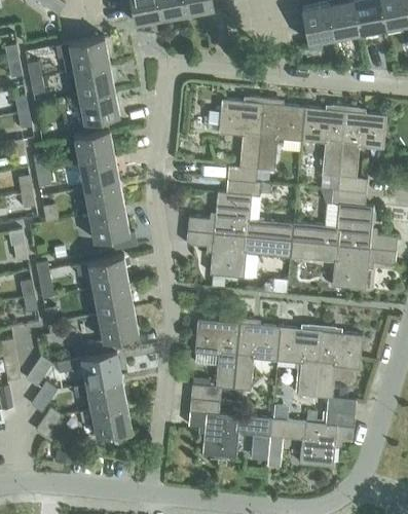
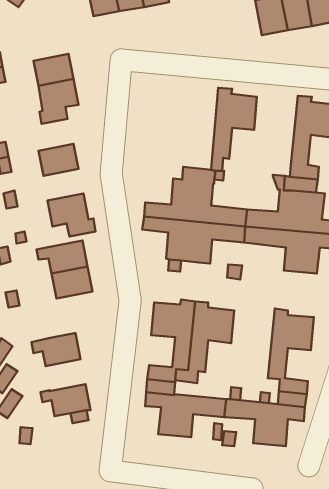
building: [55,37,109,70] -> none
building: [219,97,263,182] -> none
building: [300,104,345,177] -> none
building: [73,130,114,162] -> none
building: [83,181,124,214] -> none
building: [86,307,139,356] -> none
building: [276,324,322,397] -> none
building: [73,377,126,410] -> none

